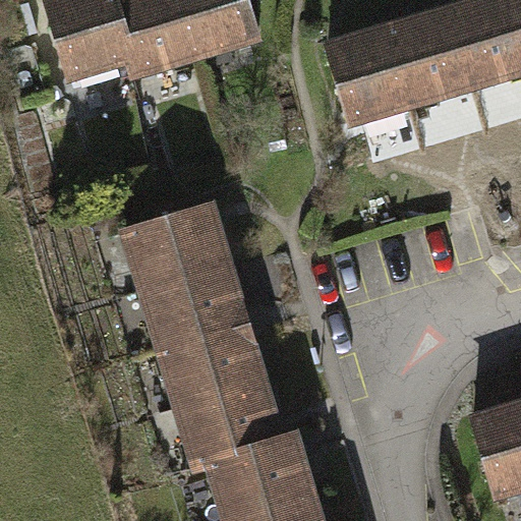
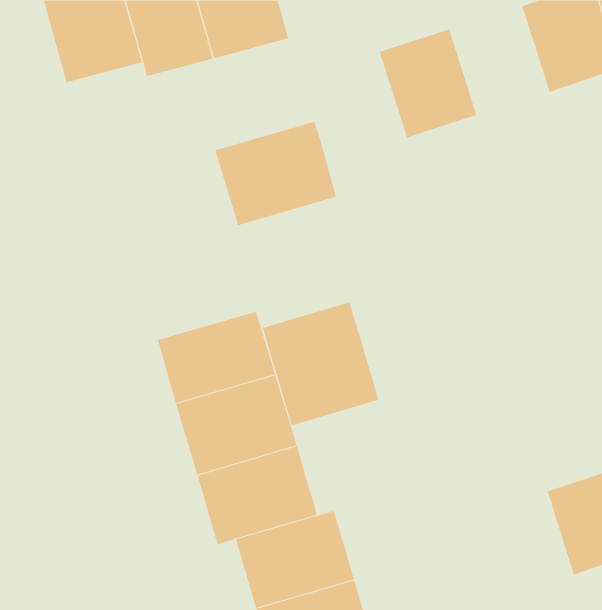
building: [391,8,475,101] -> none
building: [123,202,227,291] -> [215,121,337,226]
building: none -> [262,302,379,426]

